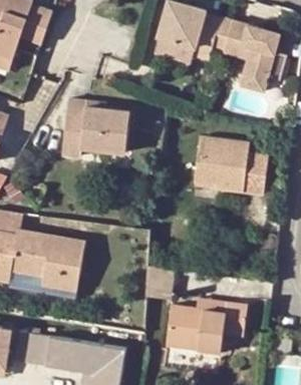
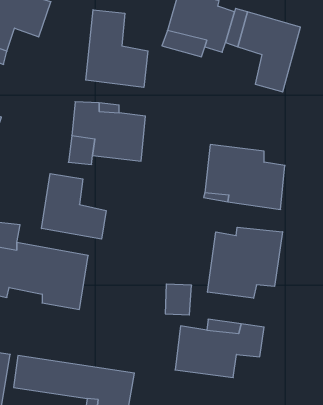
building: none -> [86,10,148,87]
building: none -> [42,174,106,239]
building: none -> [208,227,283,298]

